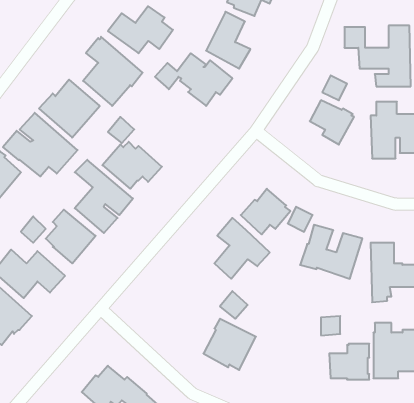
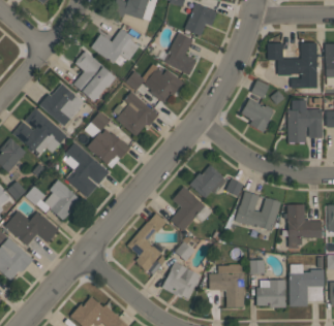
building: none -> [116,92,158,136]
building: none -> [127,213,168,273]
building: none -> [209,263,245,306]

